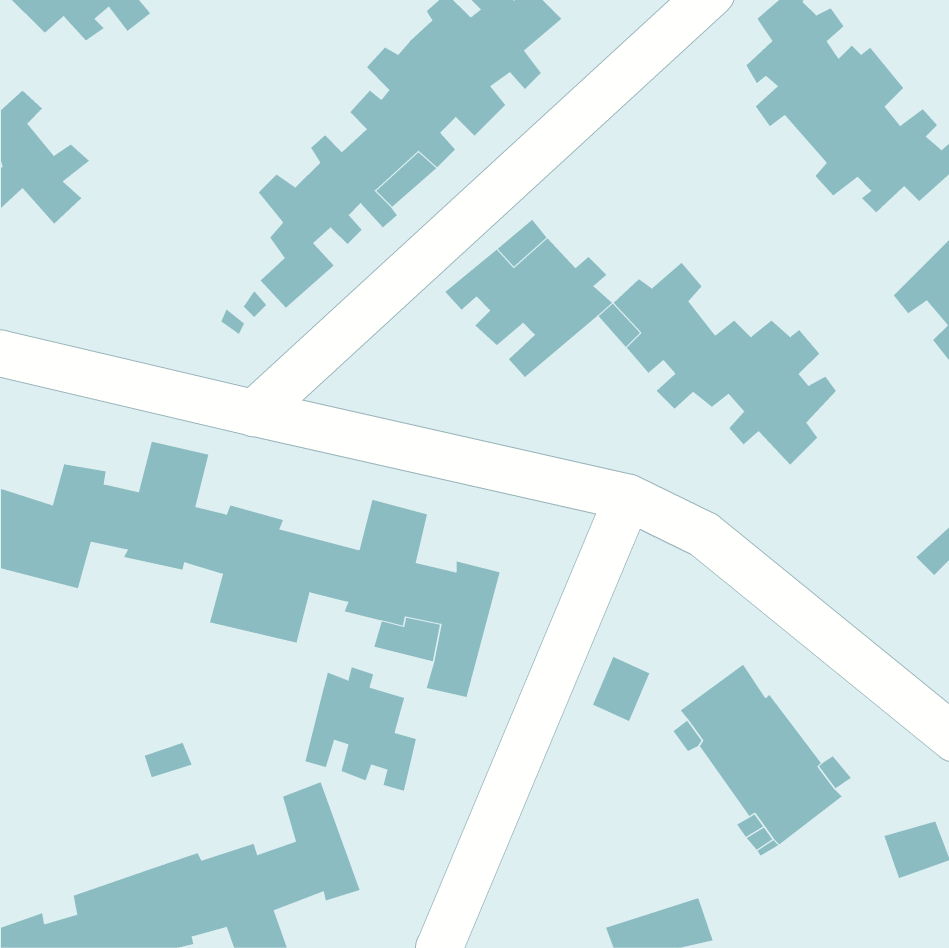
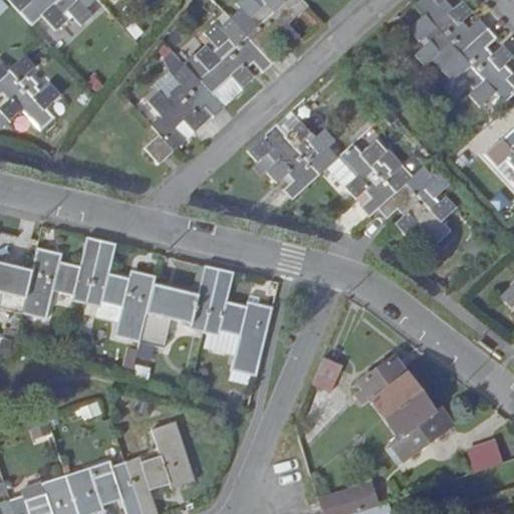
building: [305,666,417,792] -> none

